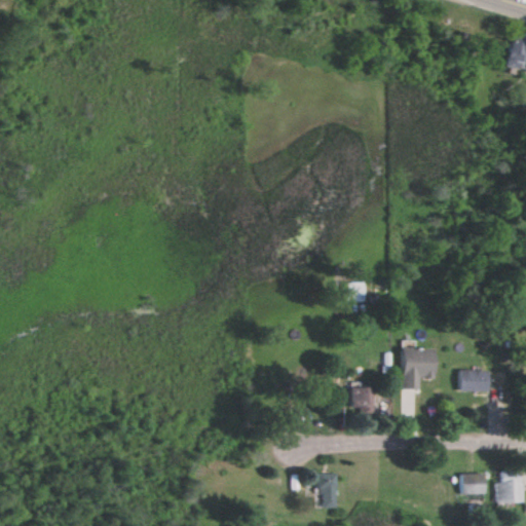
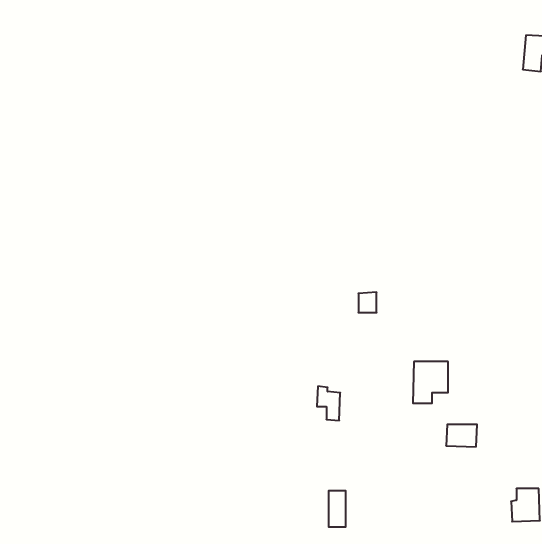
building: [459,371,489,392] -> [446,424,477,447]
building: [351,382,374,415] -> [317,386,340,420]
building: [460,474,485,494] -> none

